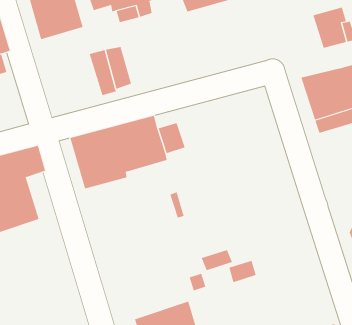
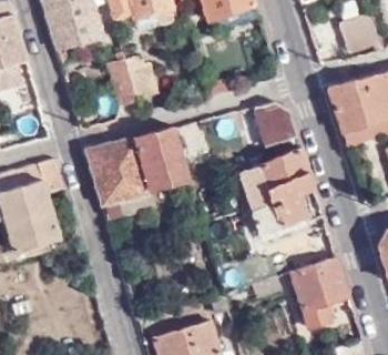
building: none -> [249,102,295,145]
building: none -> [238,146,312,230]
building: none -> [290,258,347,329]

